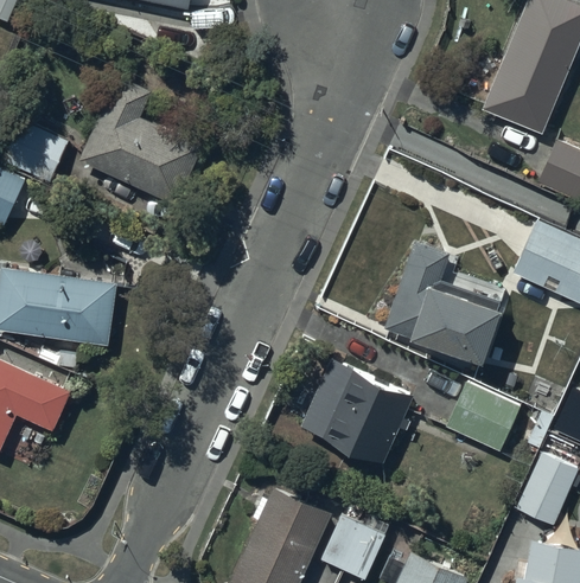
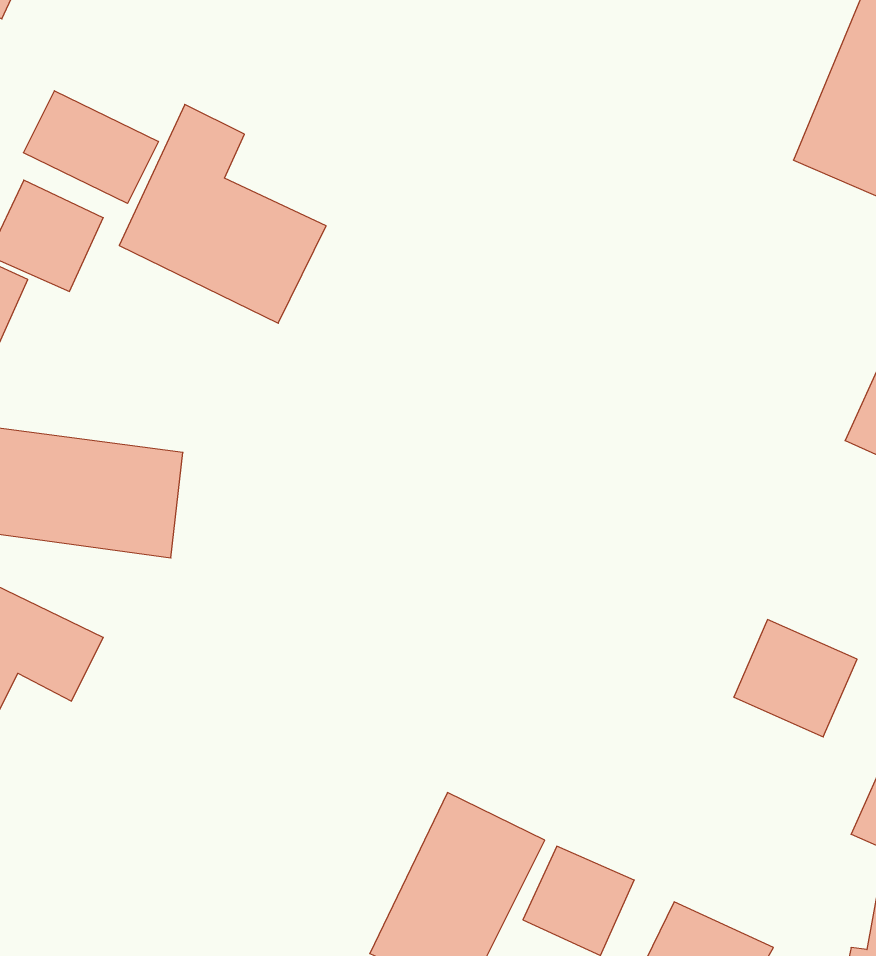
building: none -> [23,91,158,203]
building: [383,242,504,357] -> none
building: [300,354,416,463] -> none

